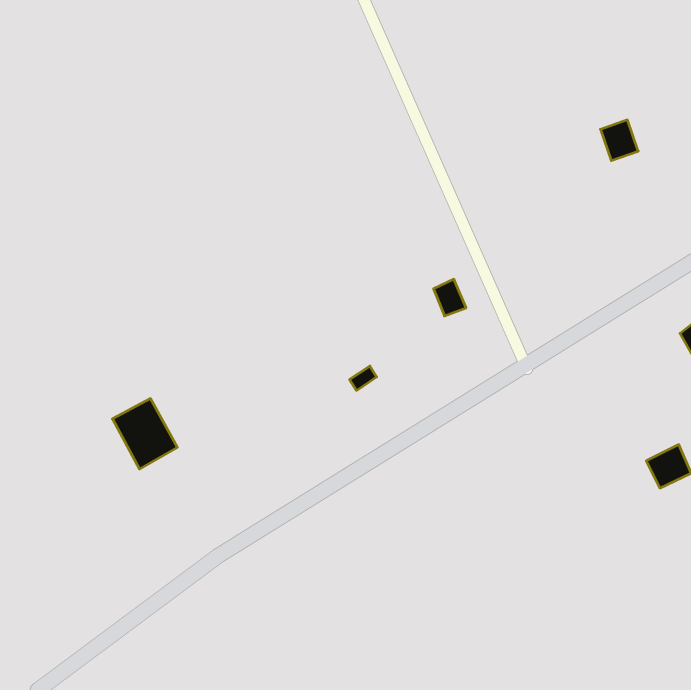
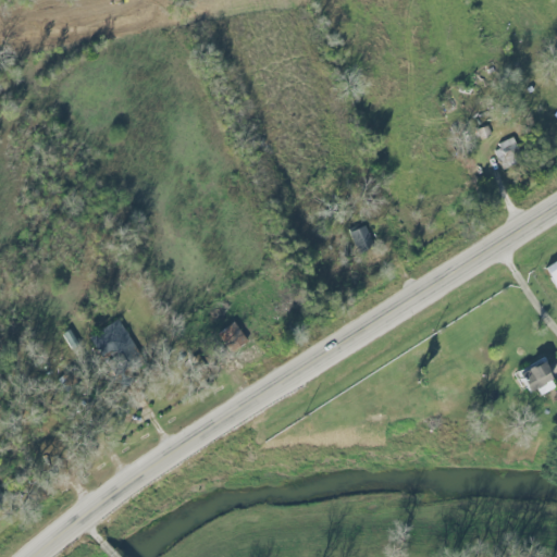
building: [600,120,638,161] -> [494,136,524,169]
building: none -> [218,324,246,352]

